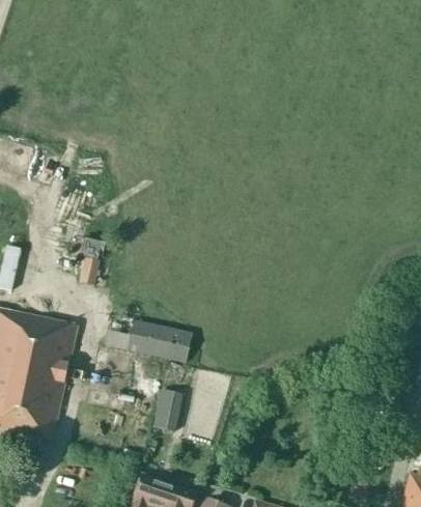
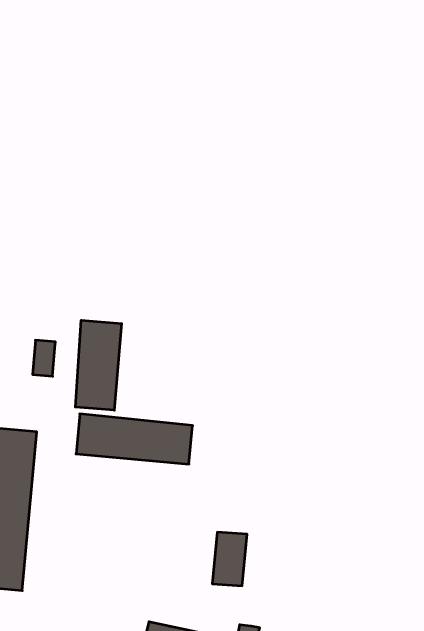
building: none -> [75,320,122,410]
building: [152,391,183,432] -> [212,532,247,586]

